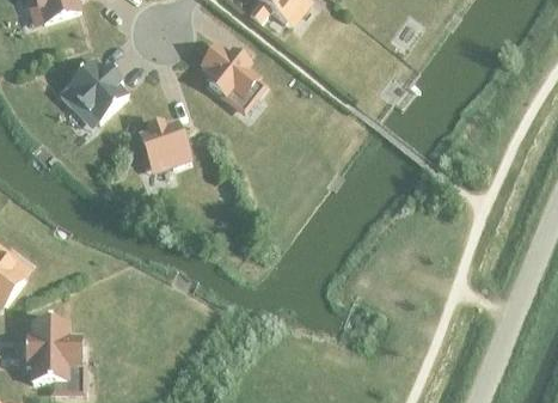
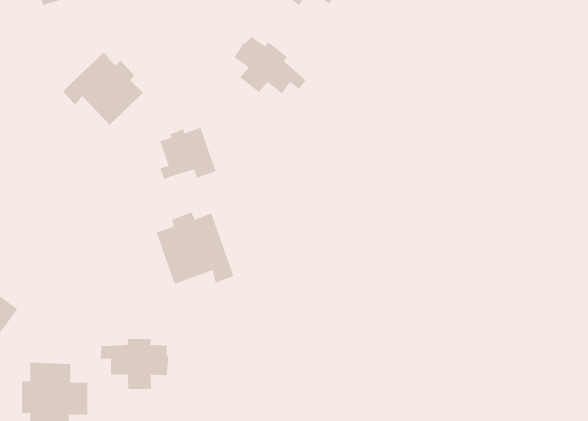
building: none -> [156,212,234,284]
building: none -> [100,338,169,390]

